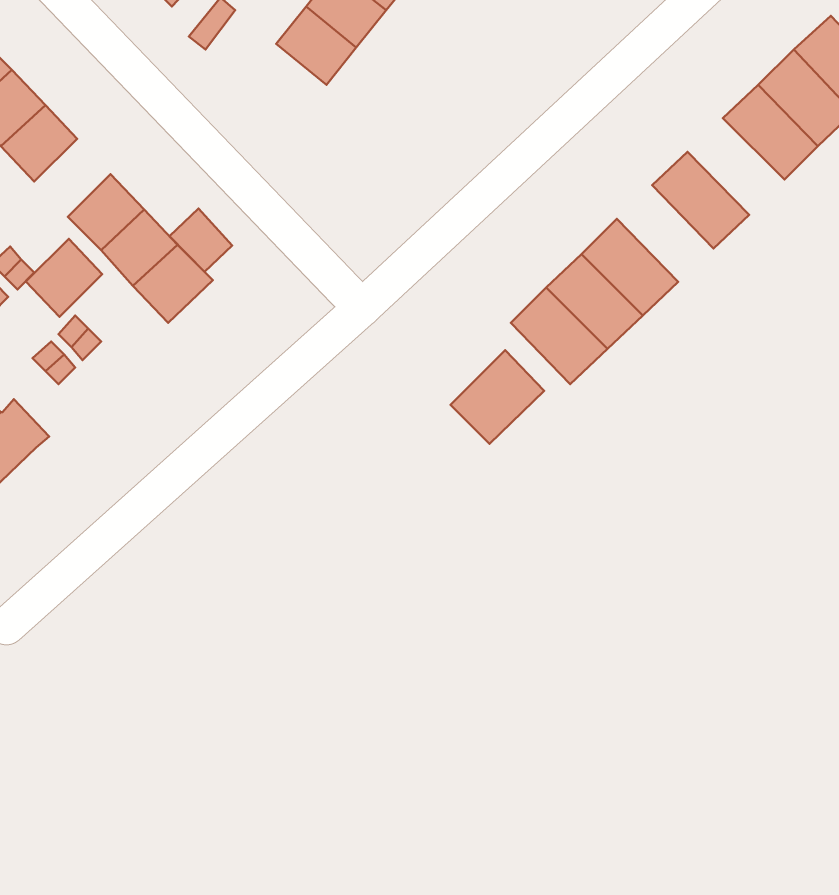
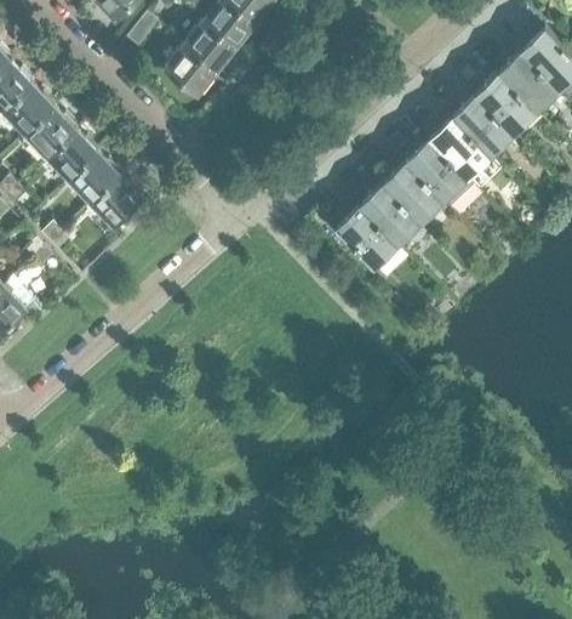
building: none -> [165,46,217,97]
building: none -> [452,95,515,158]
building: none -> [406,138,469,201]
building: [170,208,232,272] -> none
building: [26,239,102,317] -> [27,108,76,159]
building: [451,350,544,444] -> none

